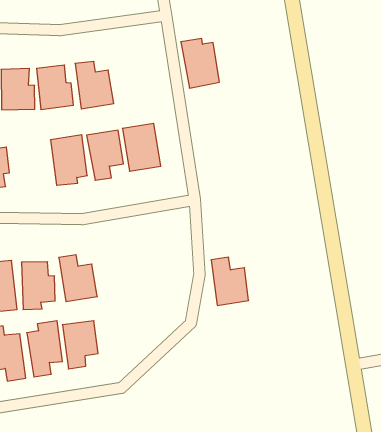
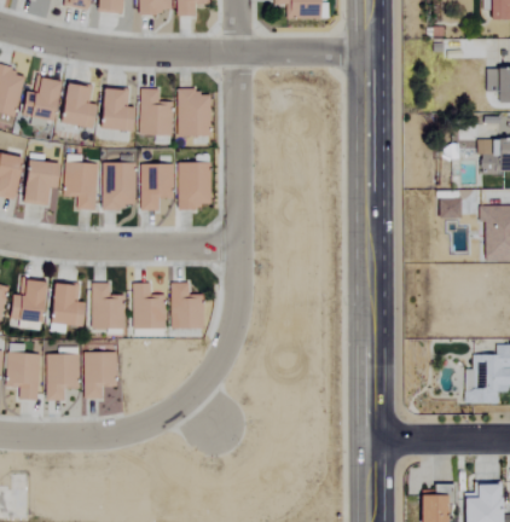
building: [181,39,219,88] -> [178,88,210,137]
building: none -> [63,155,97,209]
building: none -> [133,283,167,329]
building: [211,257,249,305] -> [172,282,205,329]

